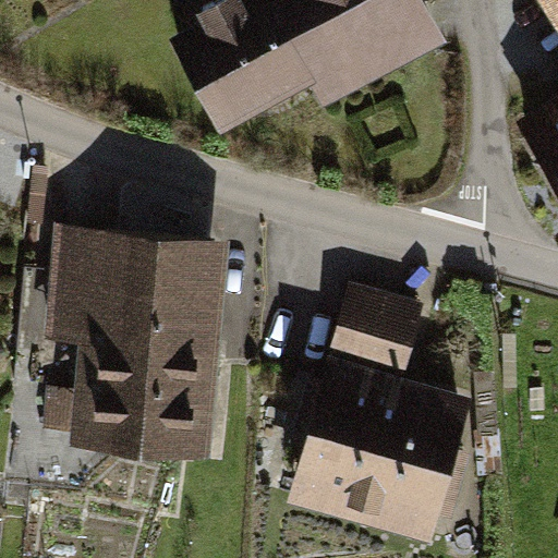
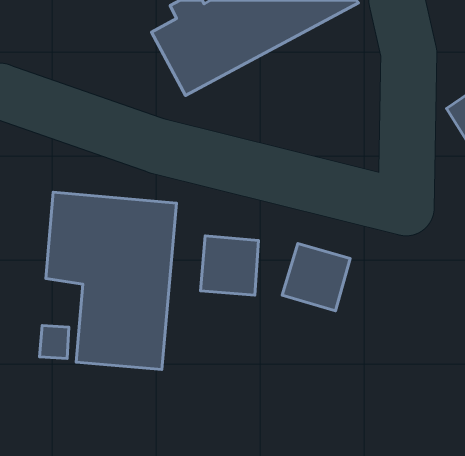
building: none -> [200,236,258,295]
building: [306,384,466,527] -> none

